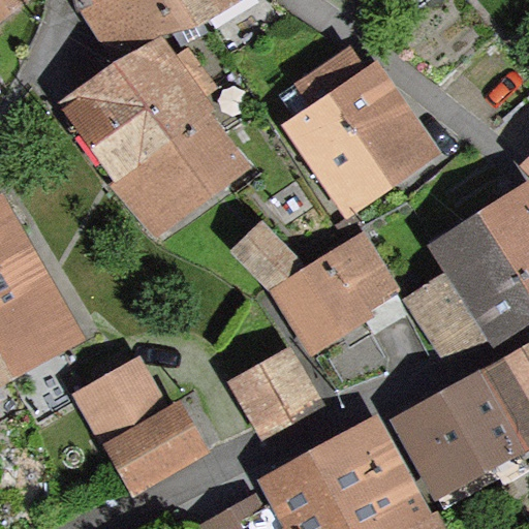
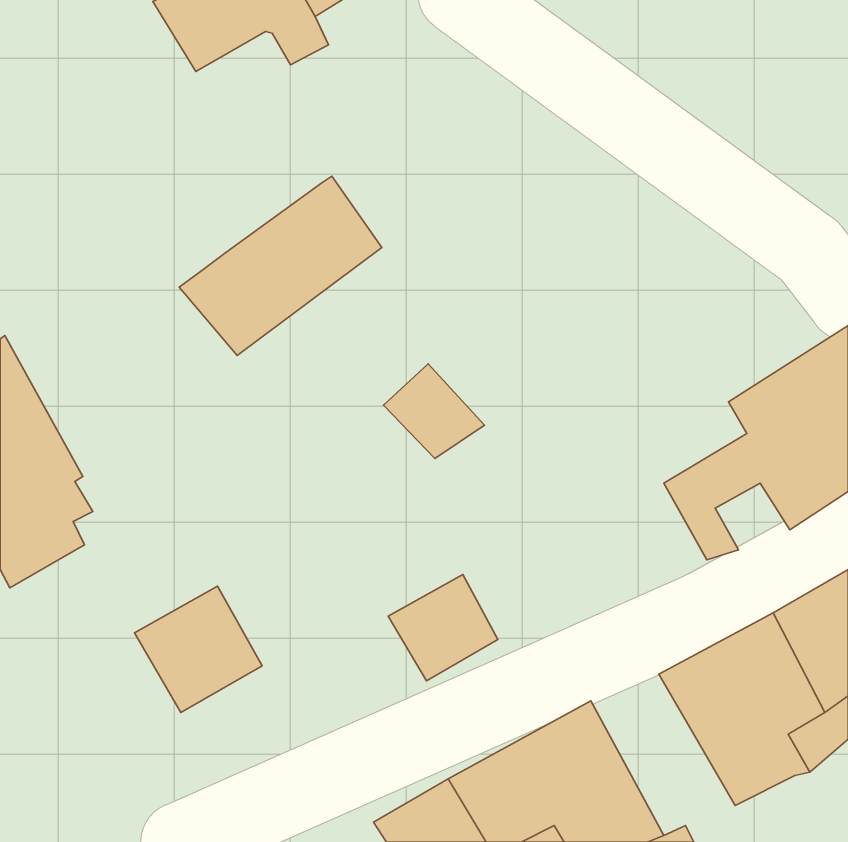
building: [92,50,203,169] -> none
building: [289,52,416,200] -> none
building: [278,230,406,341] -> none
building: [113,407,197,481] -> none

